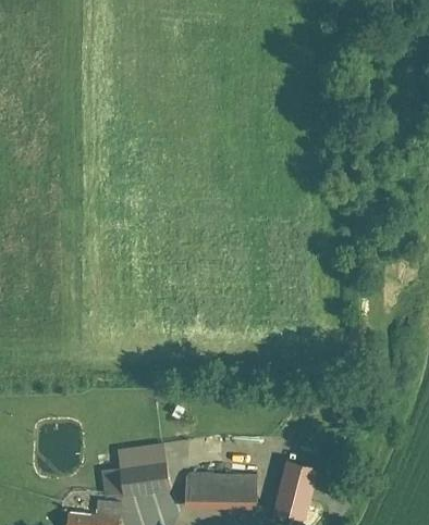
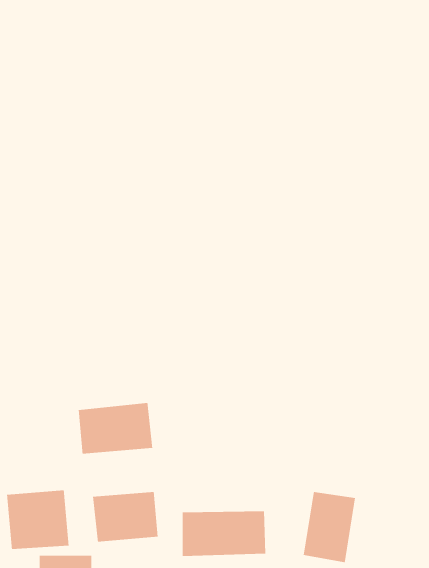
building: none -> [78,402,153,454]
building: none -> [7,489,69,550]

